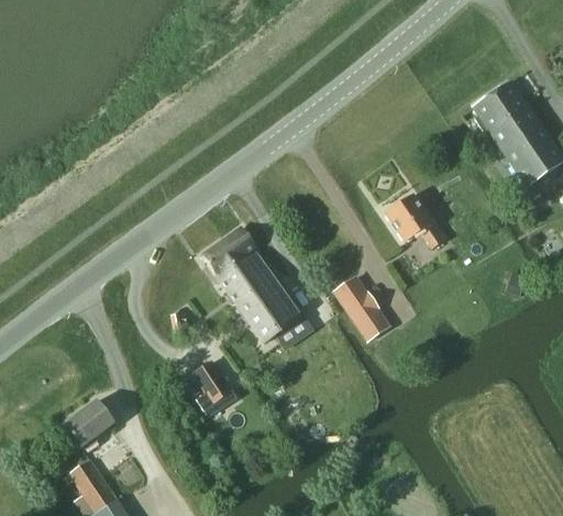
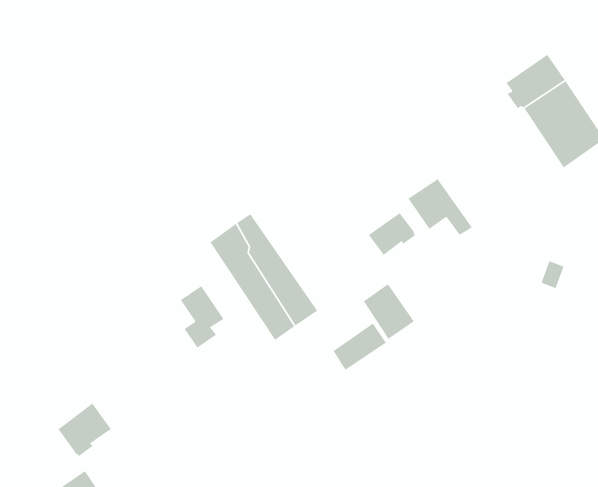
building: none -> [368,212,416,256]
building: none -> [332,322,387,371]
building: [192,359,233,416] -> [180,285,225,348]

